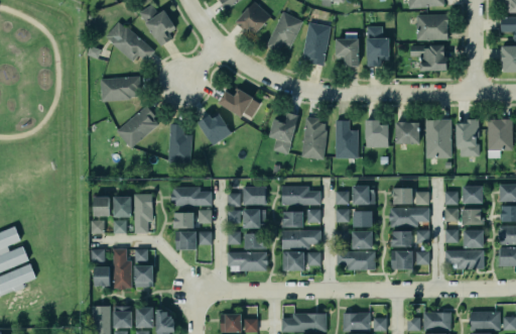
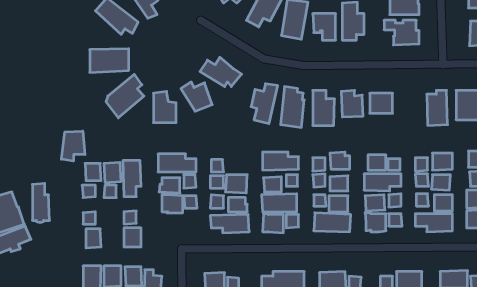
building: [425,120,452,158] -> none
building: none -> [61,131,85,161]
building: [243,187,266,206] -> none
building: [114,248,132,290] -> [32,183,50,222]

